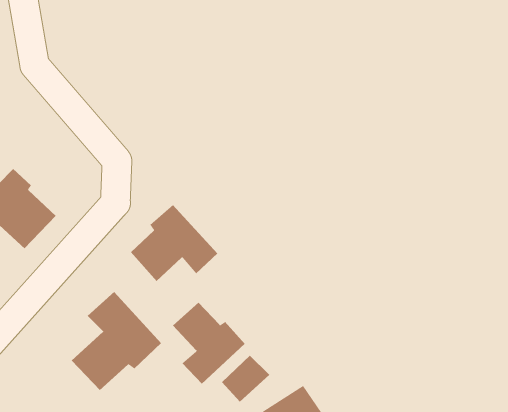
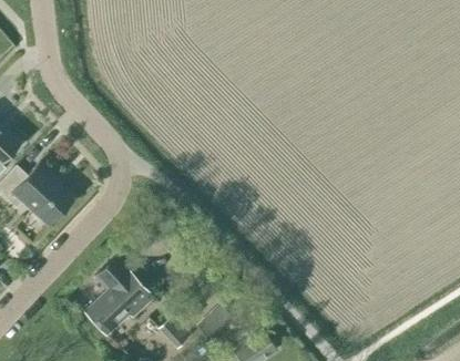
building: [130,204,218,282] -> none
building: [172,302,246,385] -> none

